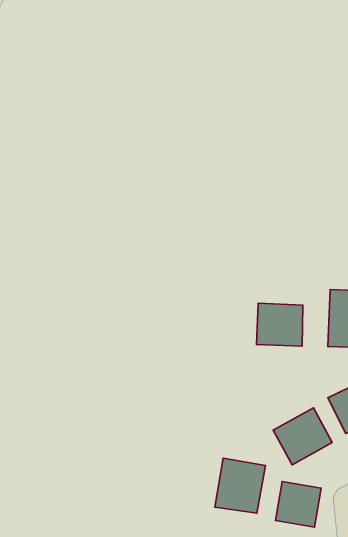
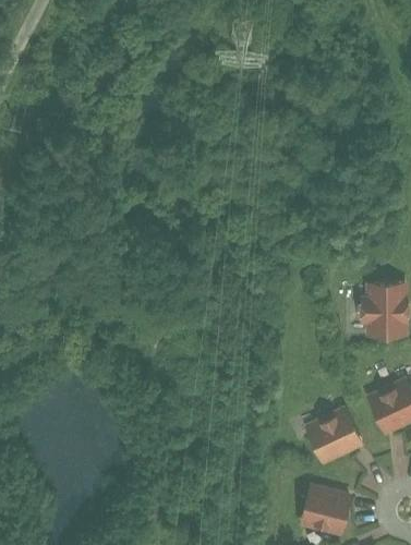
building: [257,303,303,346] -> none
building: [215,458,265,513] -> none

